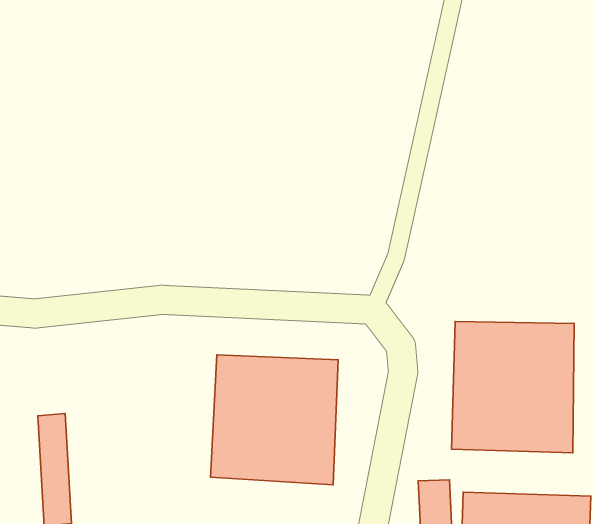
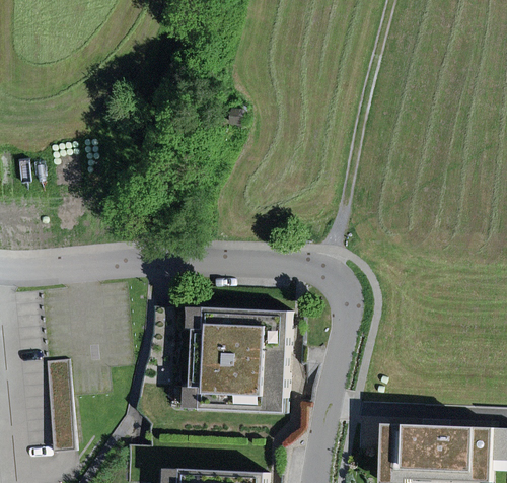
building: [451,321,574,453] -> none

